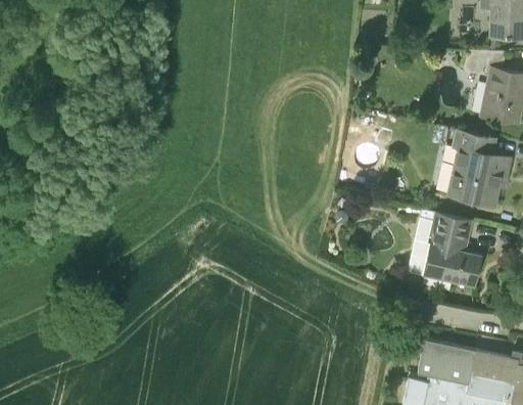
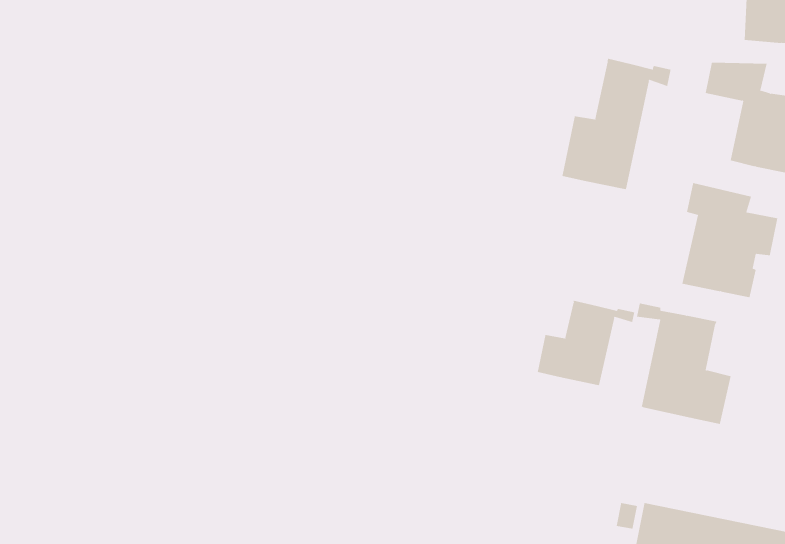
building: none -> [562,58,671,190]
building: none -> [537,300,635,386]

